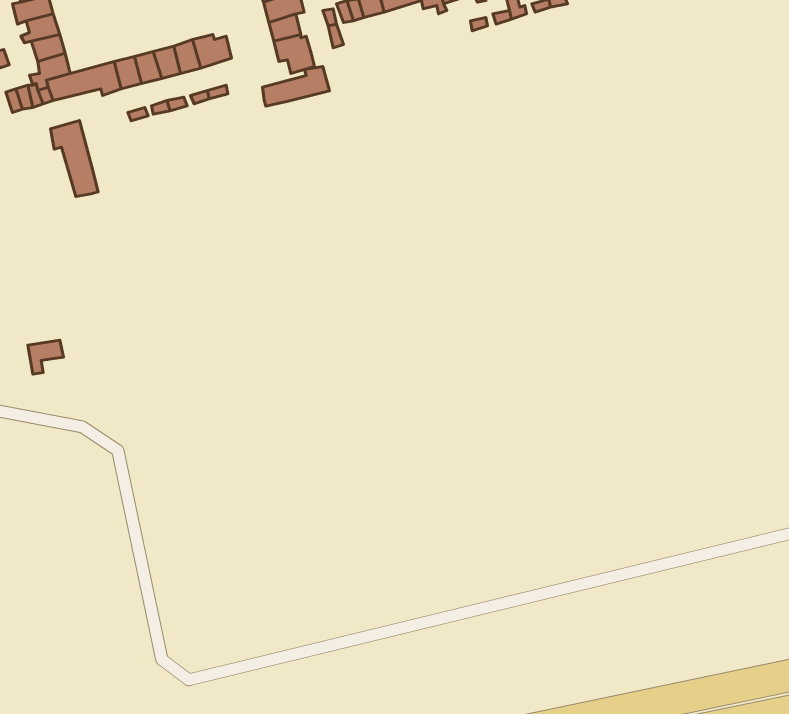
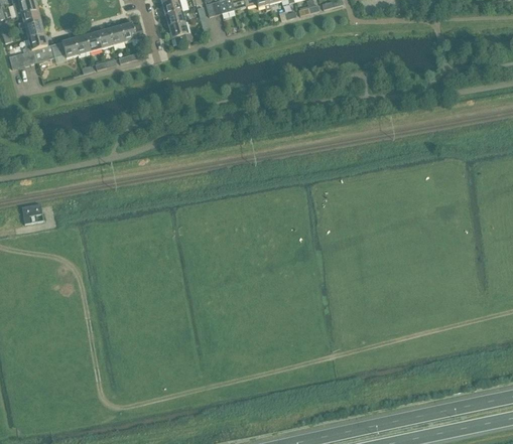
building: [262,66,329,106] -> none
building: [51,120,98,197] -> none

